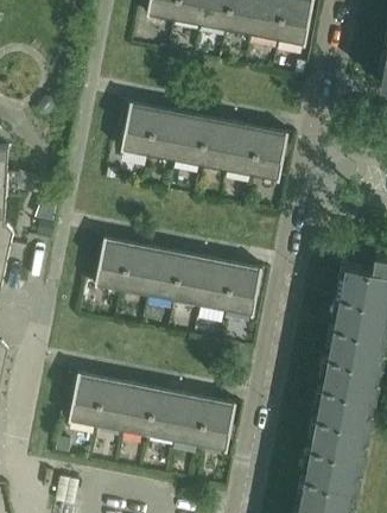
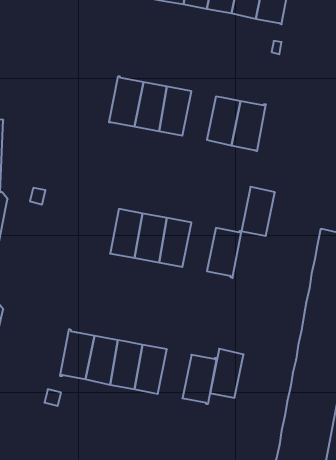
building: [198,118,234,170] -> none
building: [94,236,131,291] -> none
building: [198,258,234,310] -> [241,187,275,236]
building: [172,393,208,445] -> [210,349,244,398]

